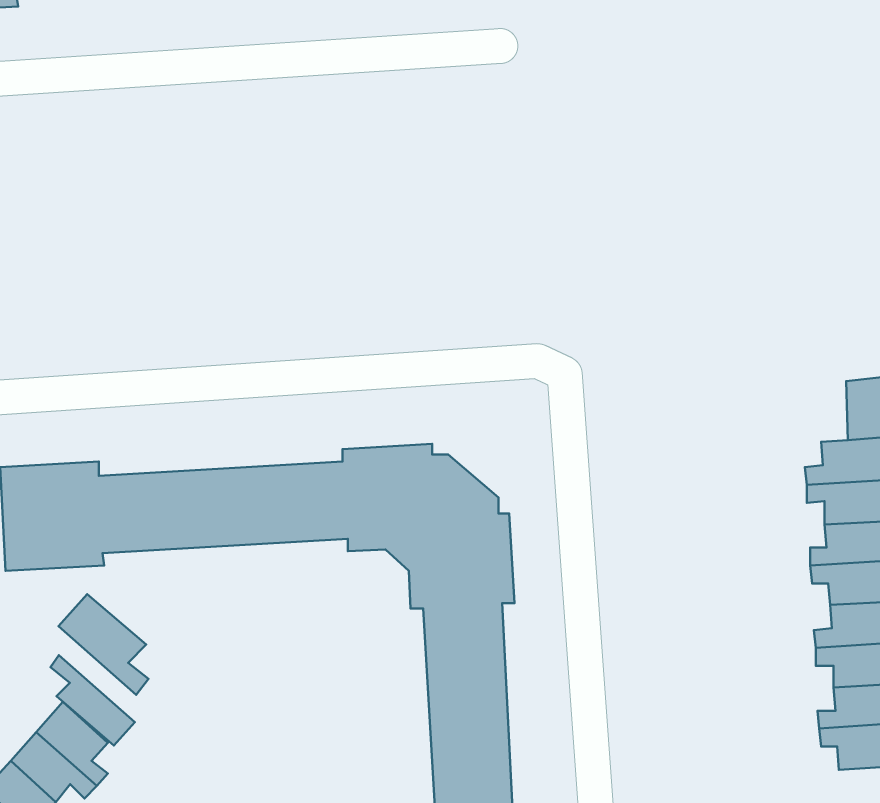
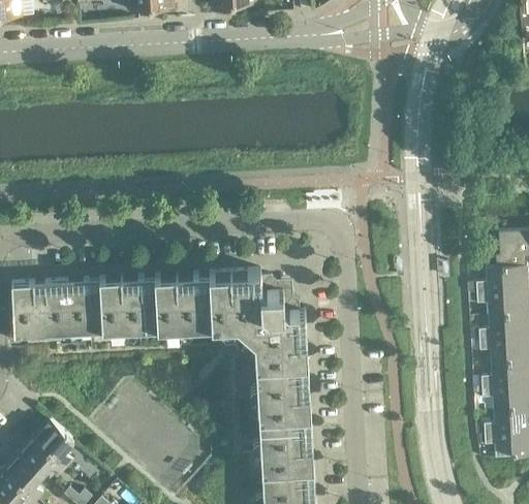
building: [59,594,148,695] -> none
building: [50,655,135,745] -> none

